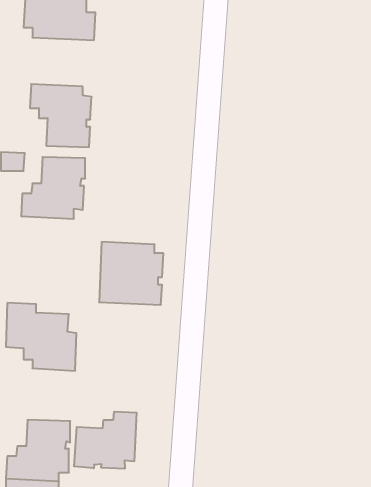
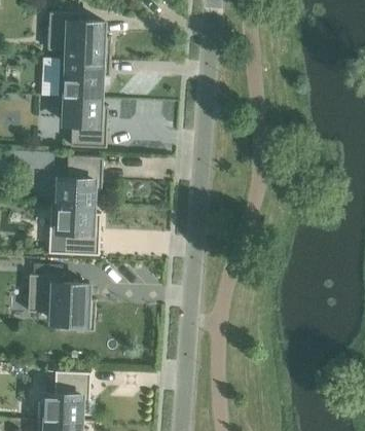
building: none -> [58,58,109,98]
building: [99,242,163,305] -> [47,204,100,255]
building: [74,412,137,469] -> none

